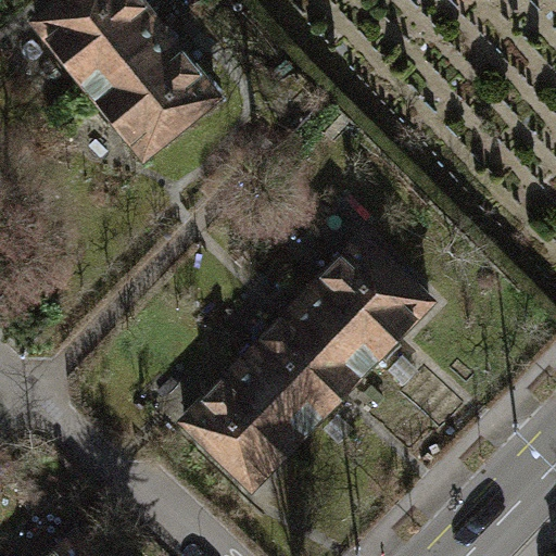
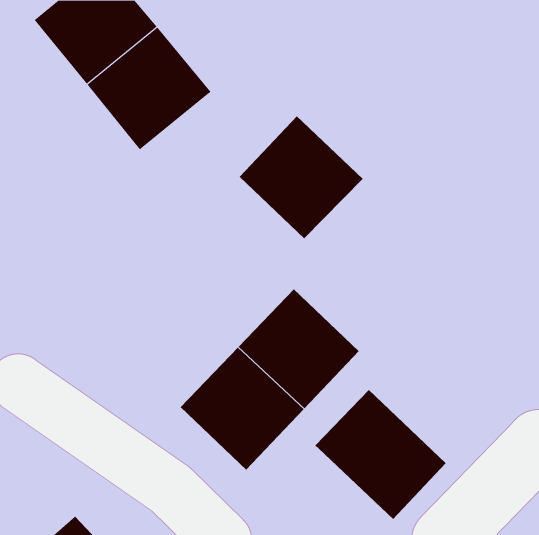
building: [302,239,430,366] -> [239,115,363,239]
building: none -> [314,389,446,520]

